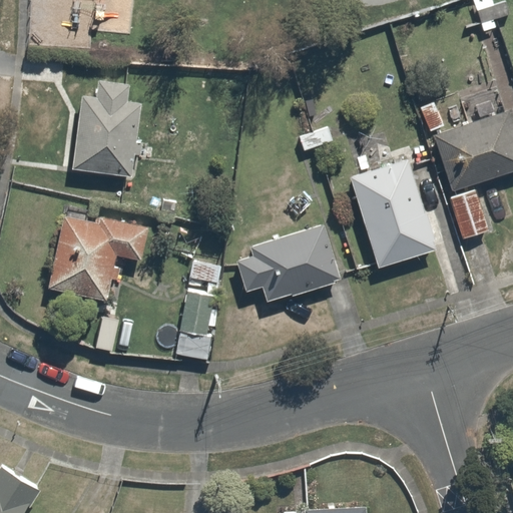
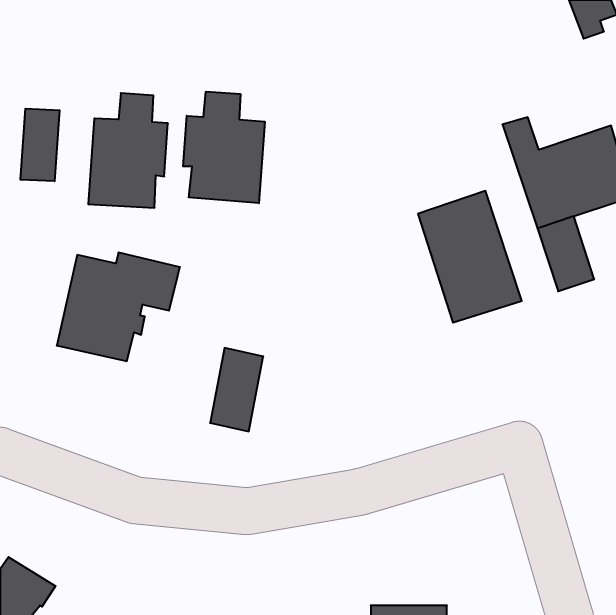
building: none -> [183,92,265,203]
building: none -> [20,109,60,181]
building: [234,224,343,306] -> none

